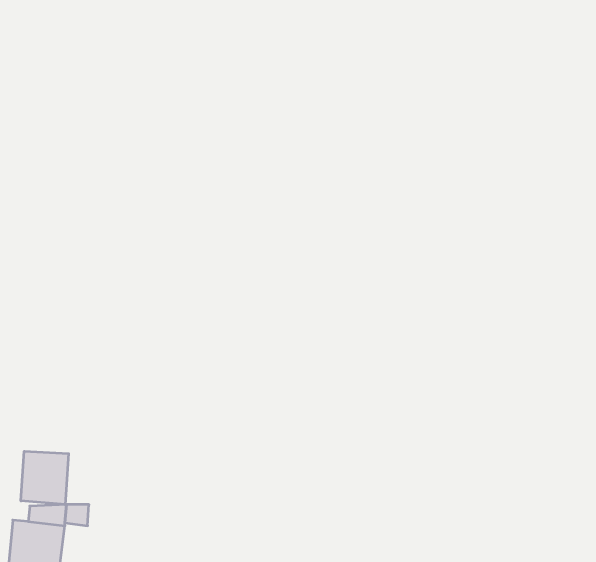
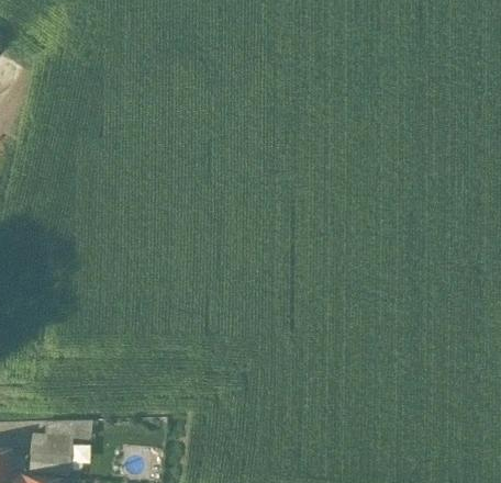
building: [21,451,69,505] -> none

